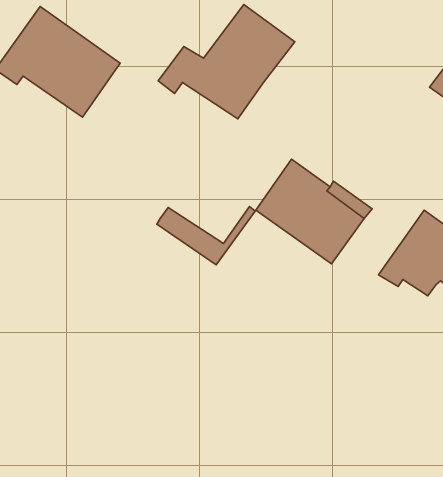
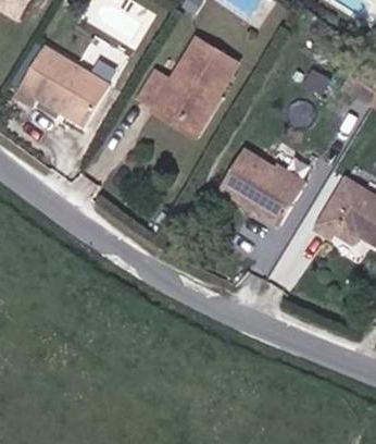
building: [157,206,255,265] -> [149,91,222,137]

